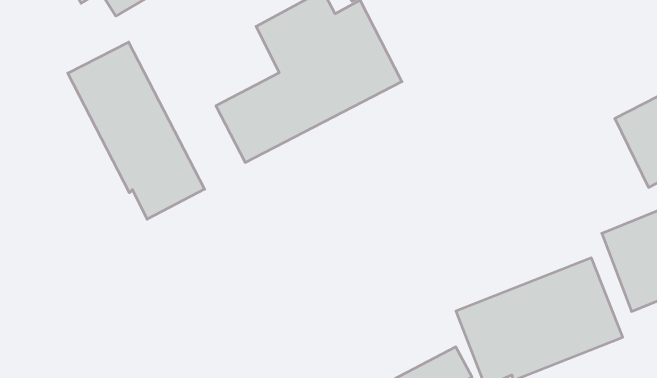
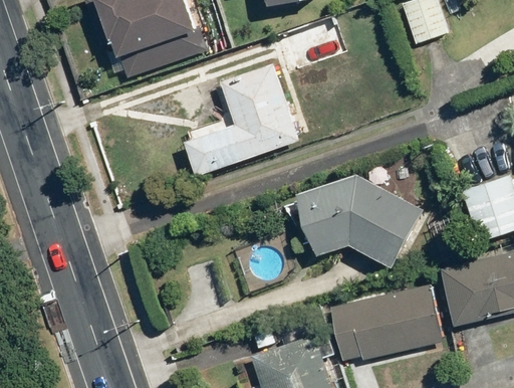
building: [68,42,205,219] -> none
building: none -> [284,171,424,266]

